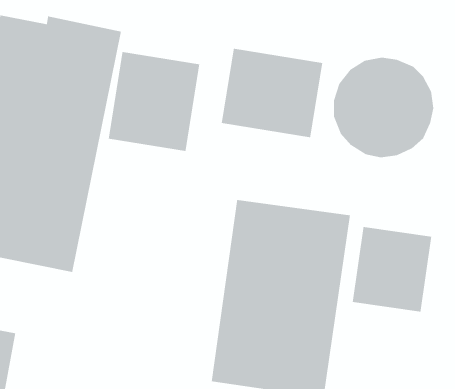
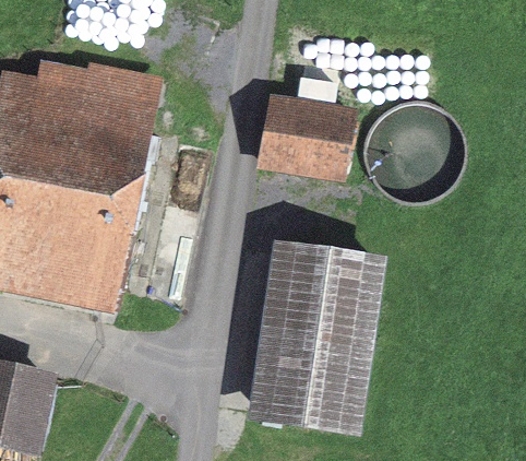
building: [108,51,200,152] -> none
building: [352,226,432,312] -> none

